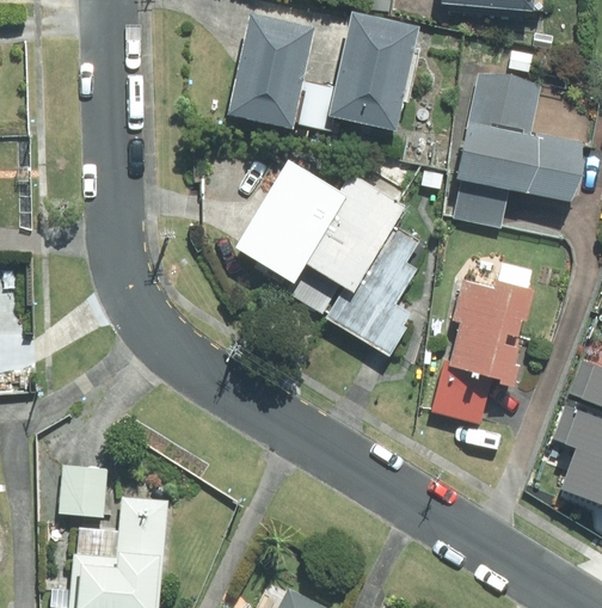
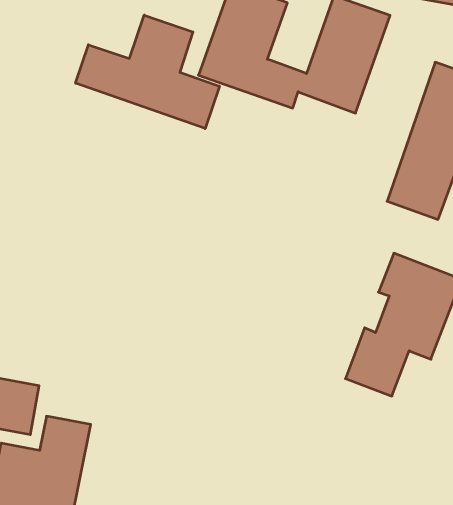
building: none -> [76,15,219,129]
building: [233,155,428,357] -> none

